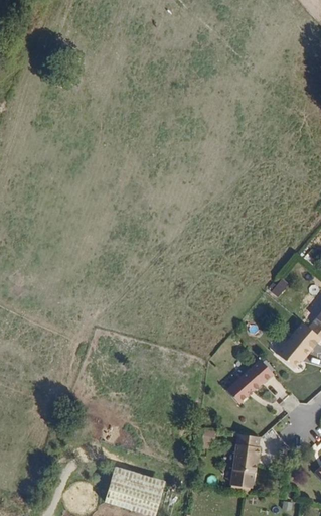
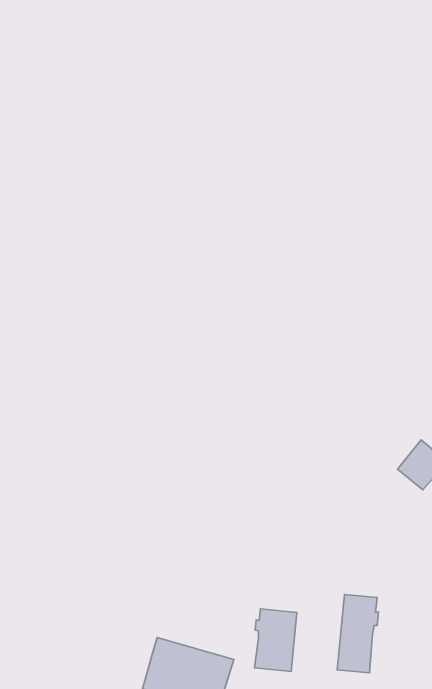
building: [226,359,273,403] -> none
building: none -> [255,609,297,671]

